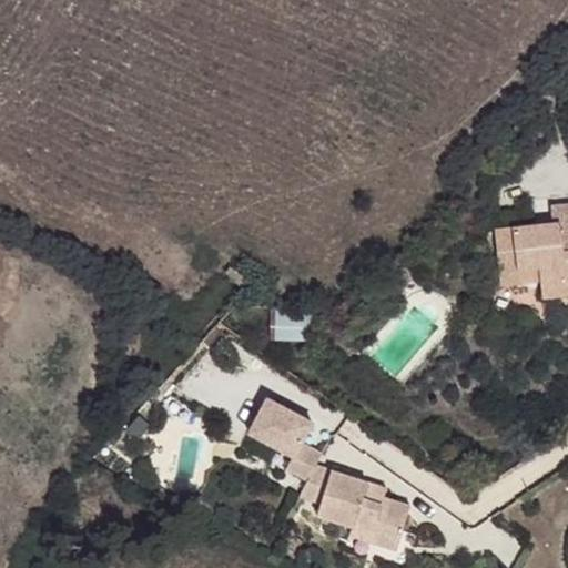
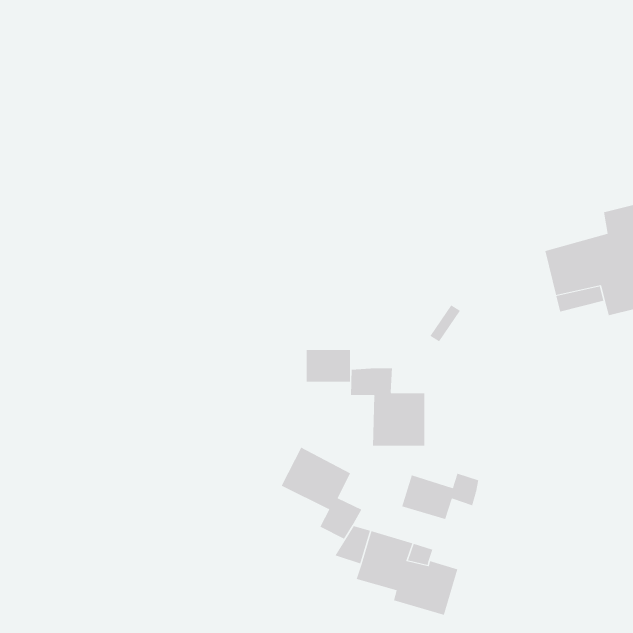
building: none -> [350,368,425,447]
building: none -> [402,473,479,520]

